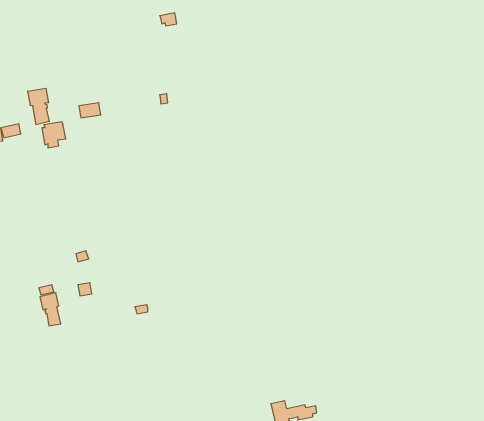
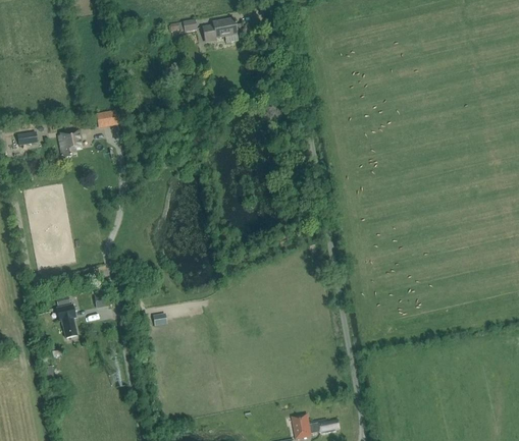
building: none -> [203,17,239,43]
building: [28,88,49,125] -> none

